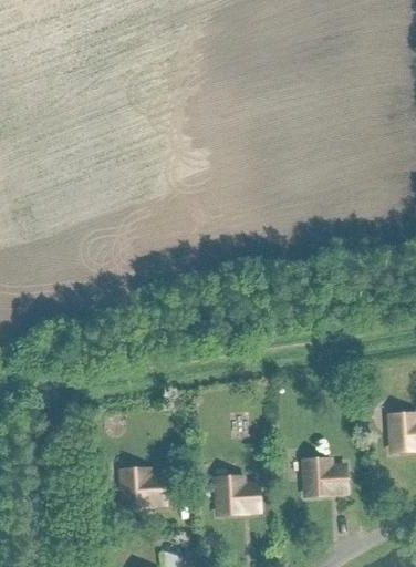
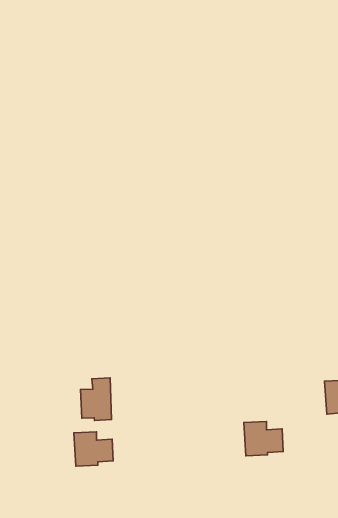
building: none -> [80,378,112,420]
building: [216,476,258,513] -> none

